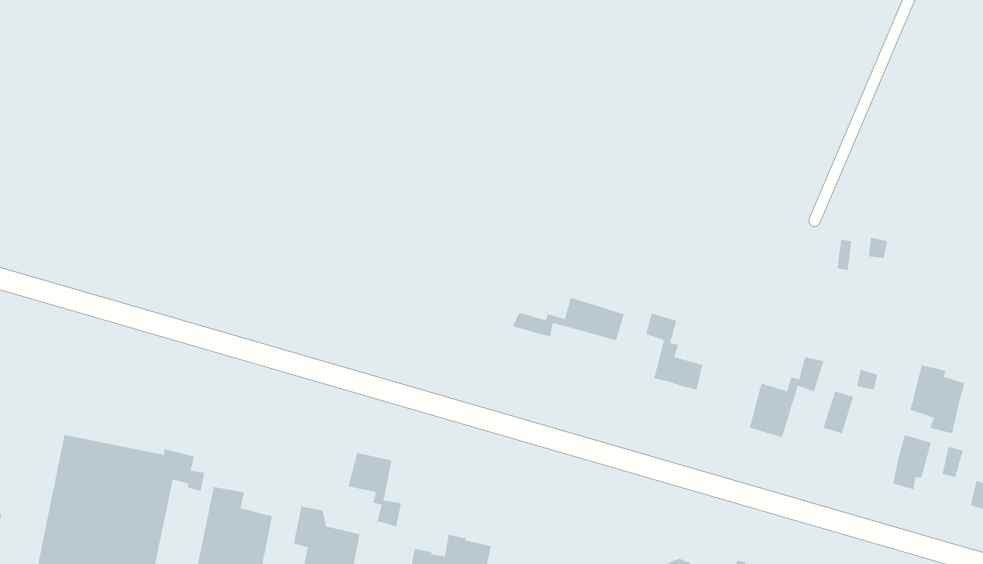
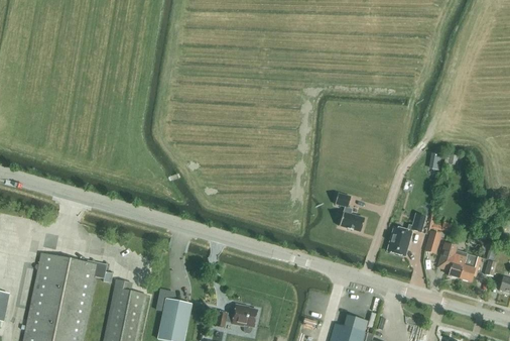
building: [512,297,625,341] -> none
building: [909,364,965,434] -> [437,242,466,277]
building: [347,452,402,527] -> none

